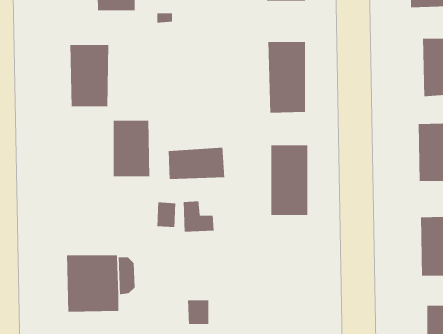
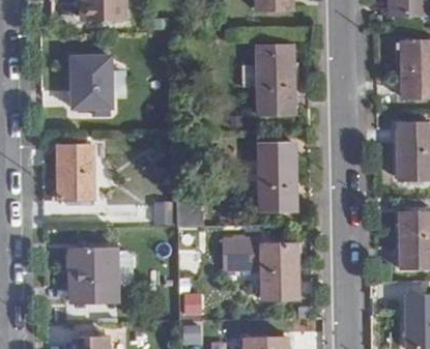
building: [113,120,150,177] -> [58,145,93,199]
building: [168,147,225,180] -> none
building: none -> [222,238,297,300]

